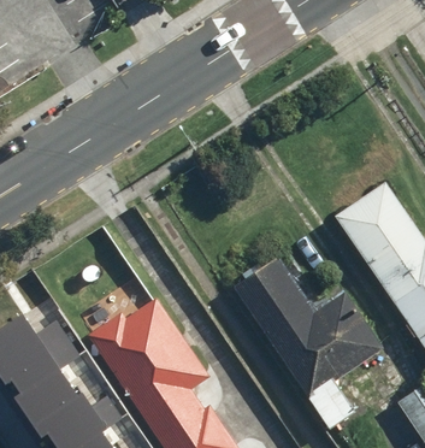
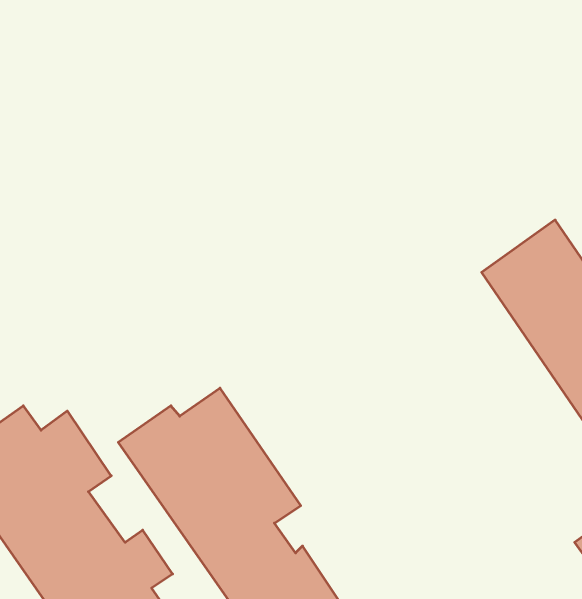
building: [231,254,386,429] -> none

